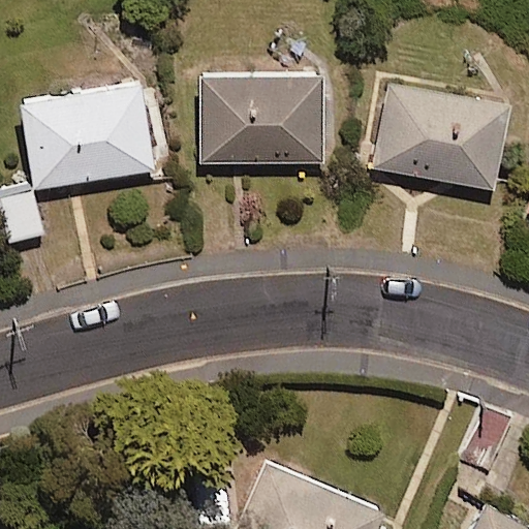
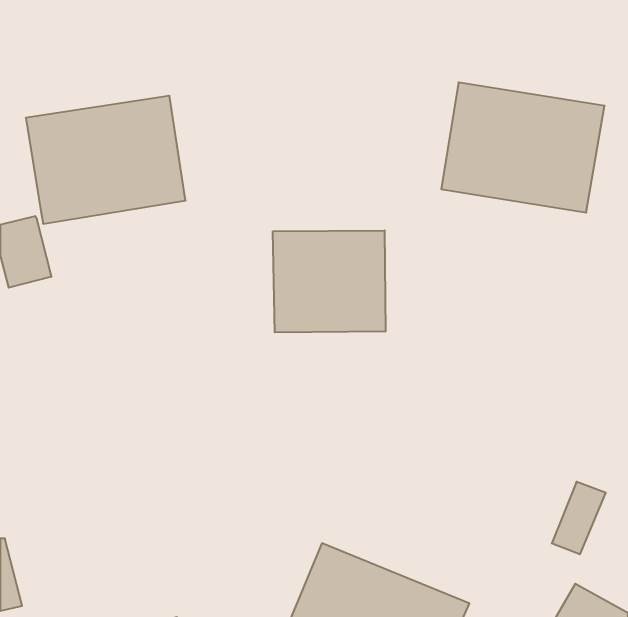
building: [198,70,321,162] -> none
building: none -> [273,230,385,332]

